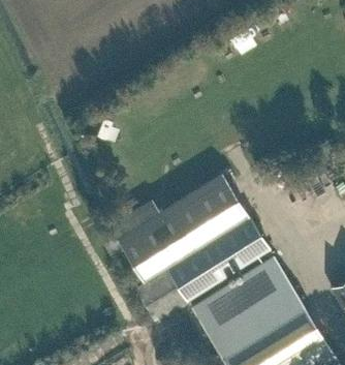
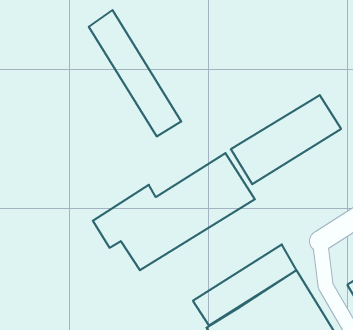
building: none -> [89,10,181,137]
building: [169,219,271,301] -> [231,95,341,184]

